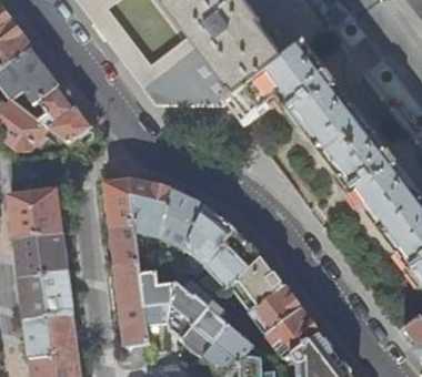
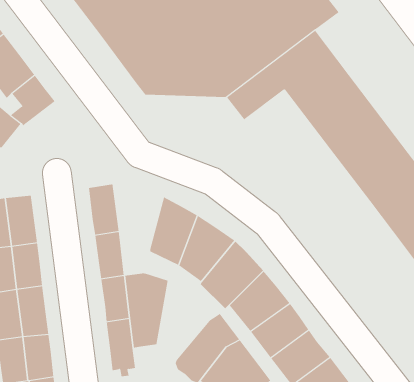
building: [48,108,94,146] -> none
building: [128,181,172,238] -> none
building: [167,266,215,336] -> none

